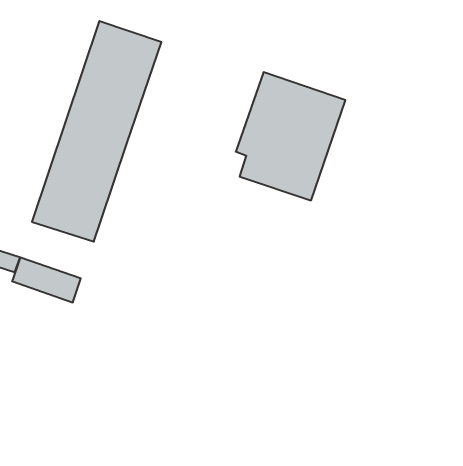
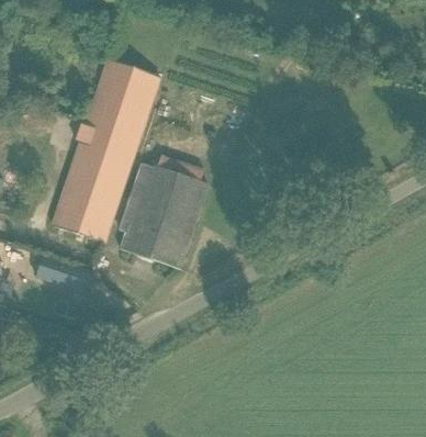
building: [236,72,345,200] -> [117,160,209,267]

